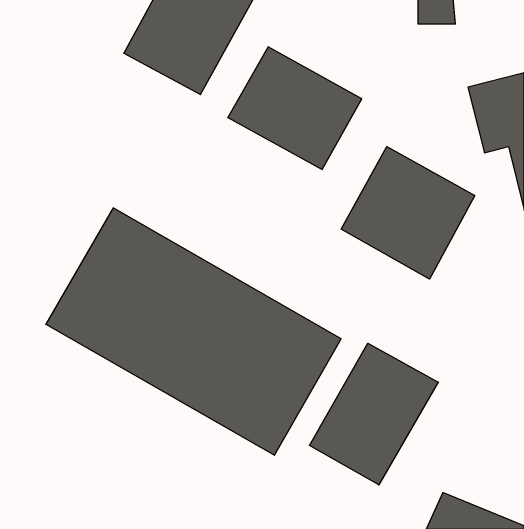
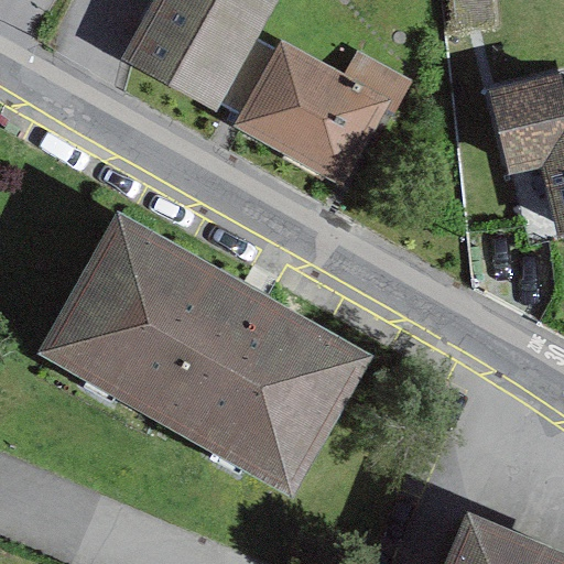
building: [341,147,475,279] -> none
building: [309,343,438,485] -> none

